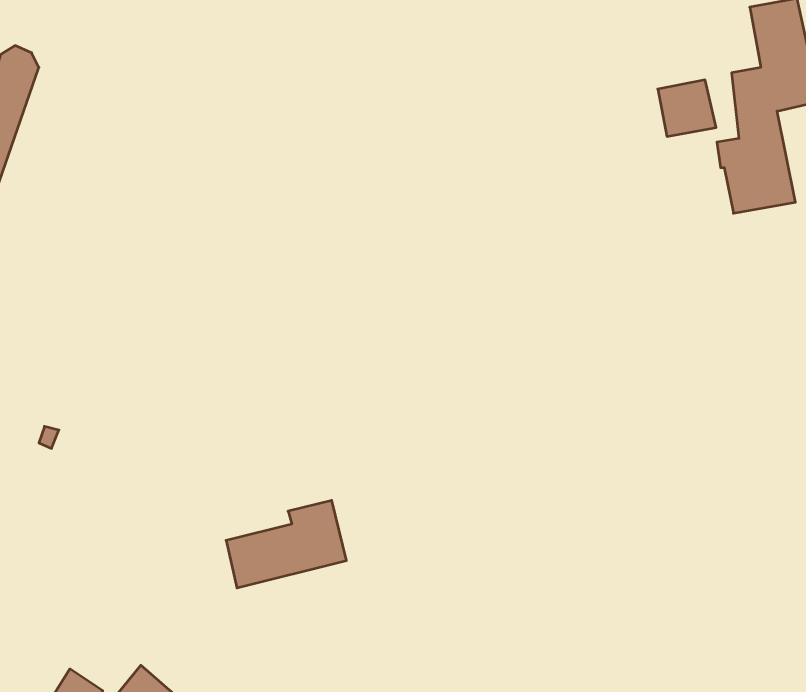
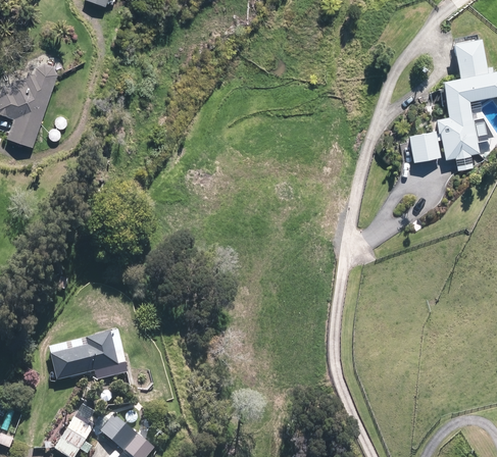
building: [658,80,716,136] -> [409,131,442,162]
building: [226,500,346,588] -> [51,329,118,378]

